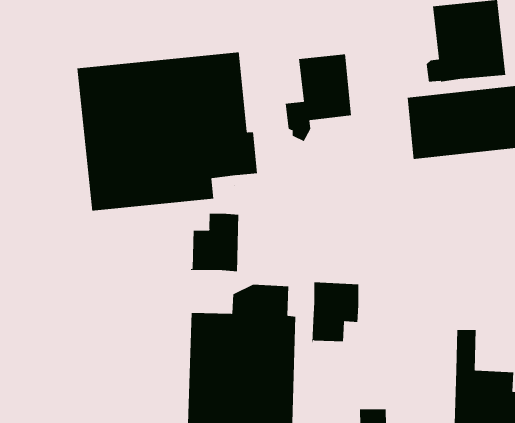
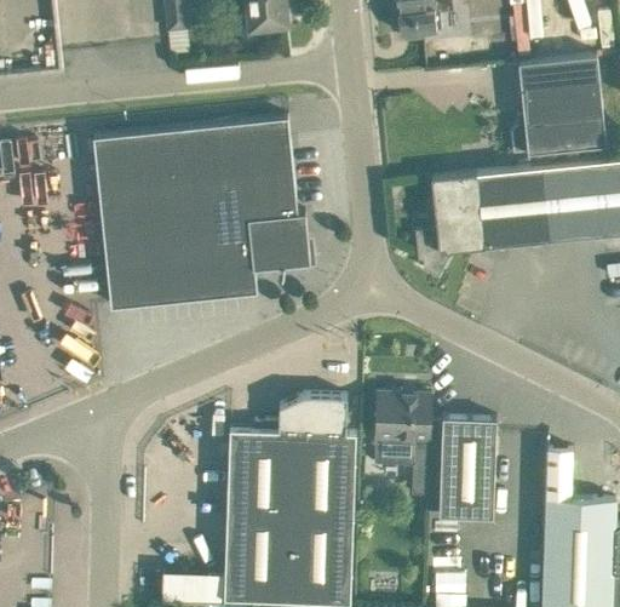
building: [285,54,352,142] -> [415,173,495,279]
building: [190,213,239,272] -> none
building: none -> [412,418,498,520]

